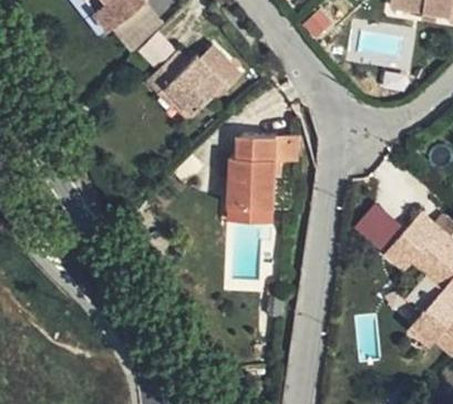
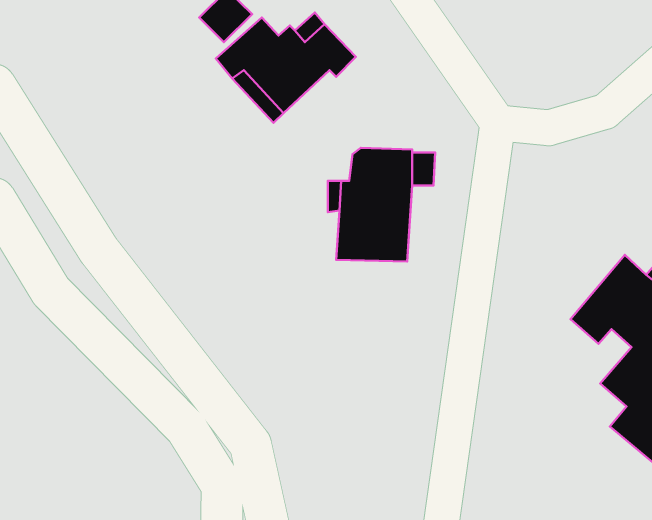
building: [351,204,401,252] -> none

